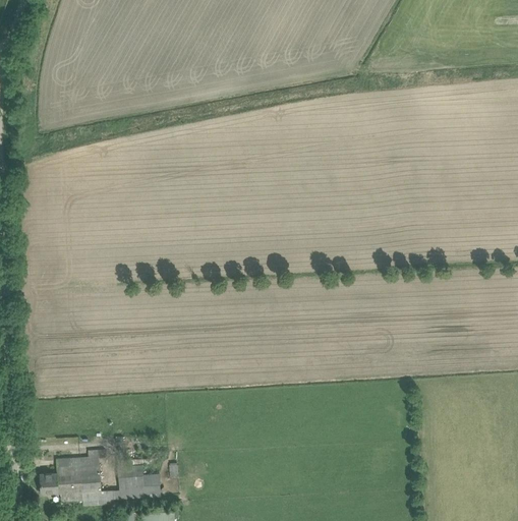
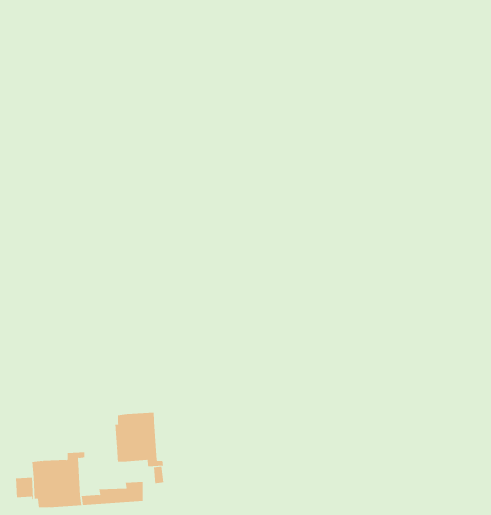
building: none -> [115,412,164,467]

